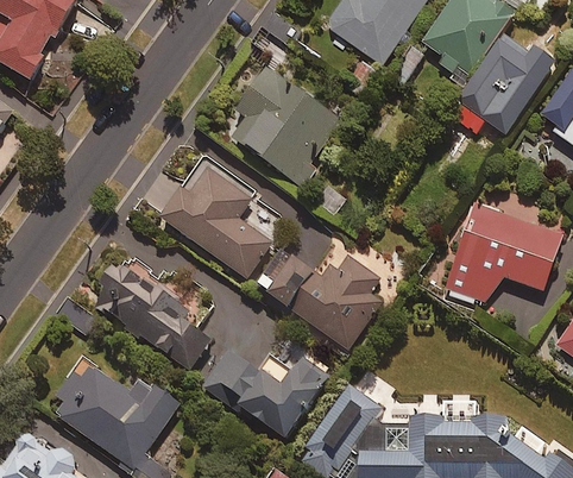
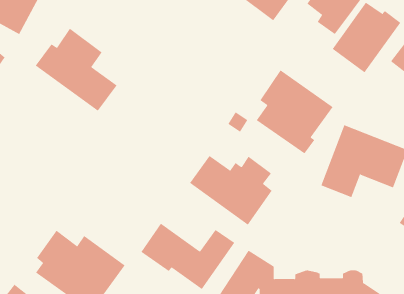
building: [234,76,340,191] -> [256,70,333,154]
building: [158,162,271,276] -> [35,28,117,112]
building: [94,257,210,367] -> none

